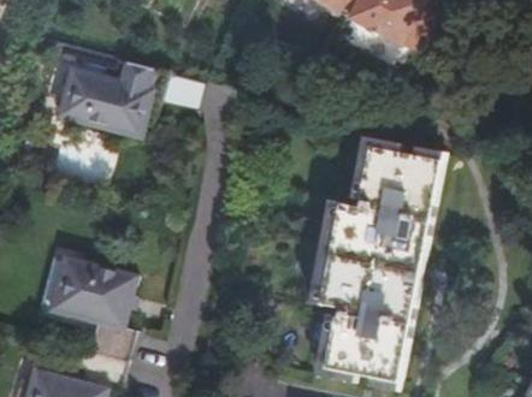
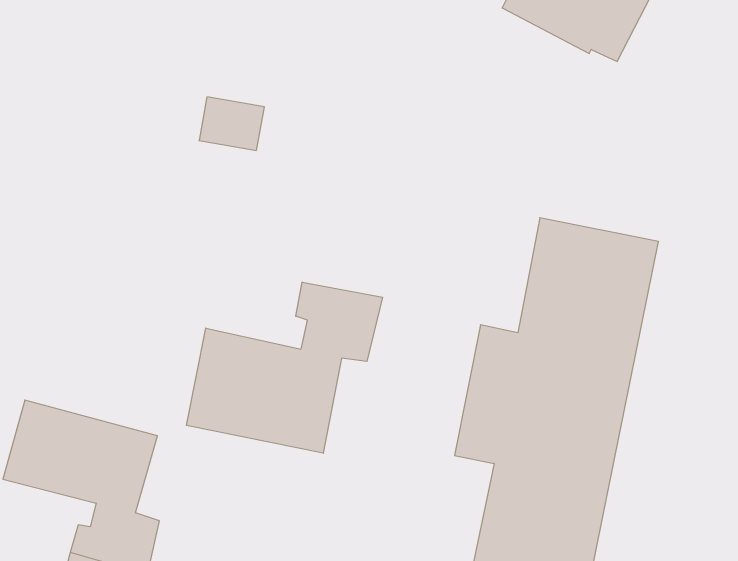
building: [49,59,159,134] -> none
building: none -> [186,282,382,453]

